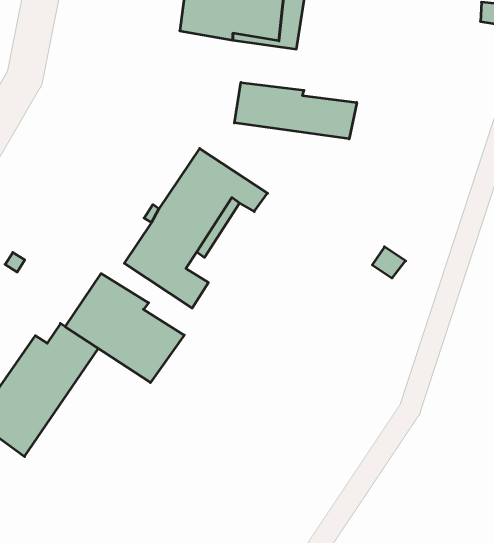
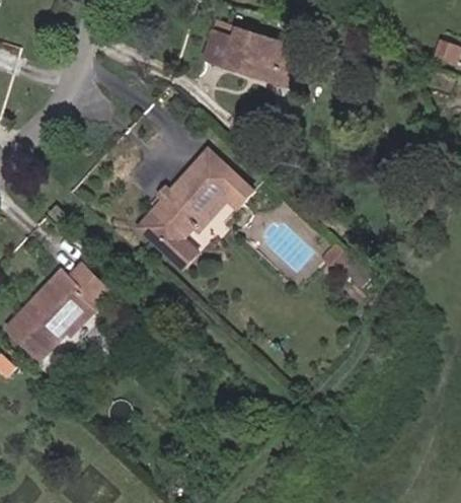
building: [234,82,357,139] -> none
building: [65,274,184,383] -> none

